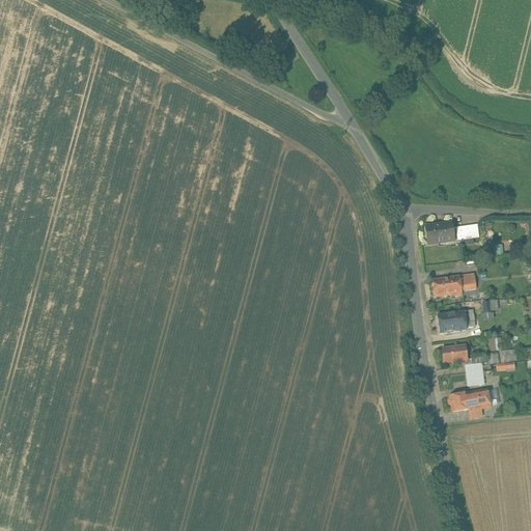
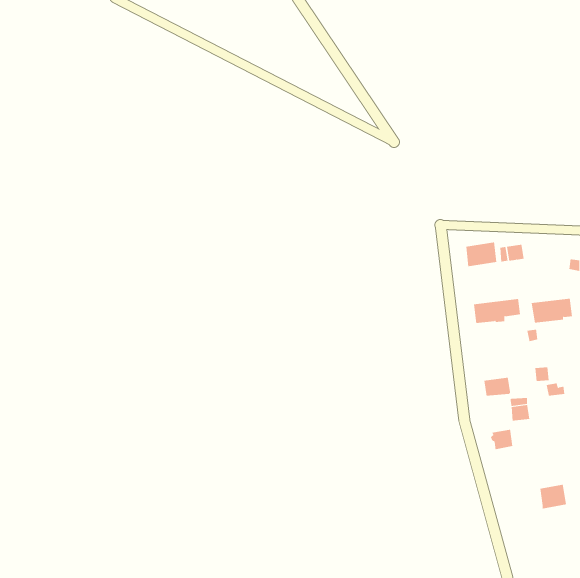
building: [437,309,475,332] -> [531,298,573,323]
building: [467,388,492,411] -> [540,484,567,509]

